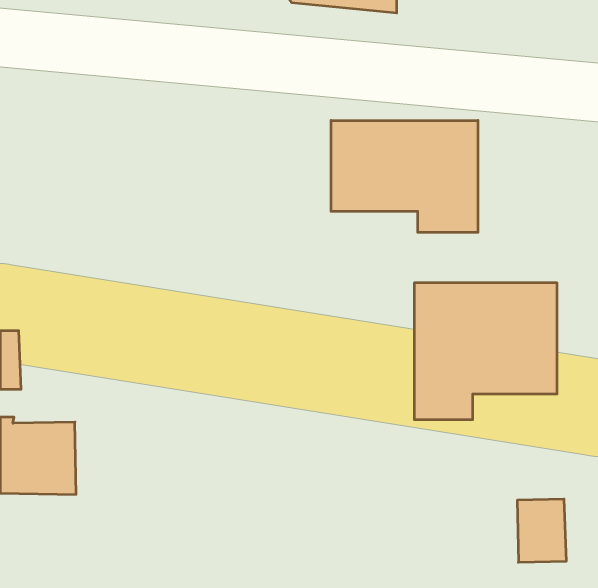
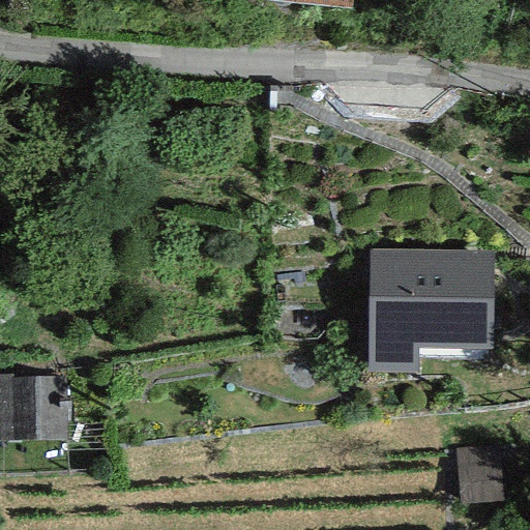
building: [331,120,478,232] -> none

